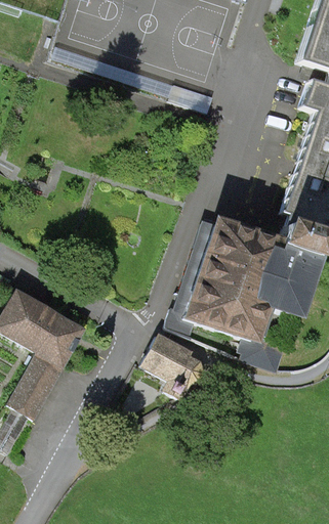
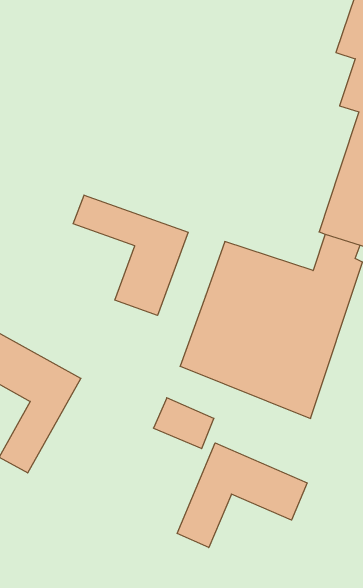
building: none -> [73,195,188,315]
building: none -> [177,443,307,548]

